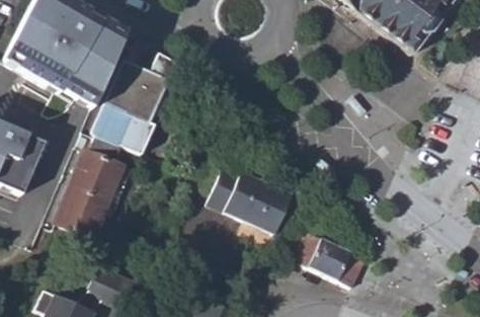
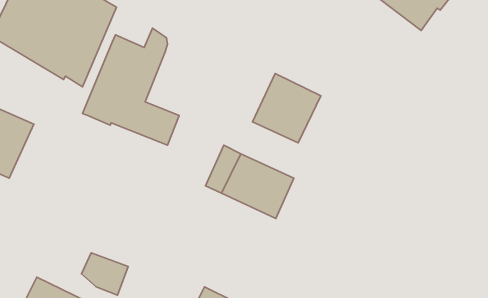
building: none -> [252,74,321,143]
building: [56,136,127,238] -> none
building: [297,233,368,287] -> none

